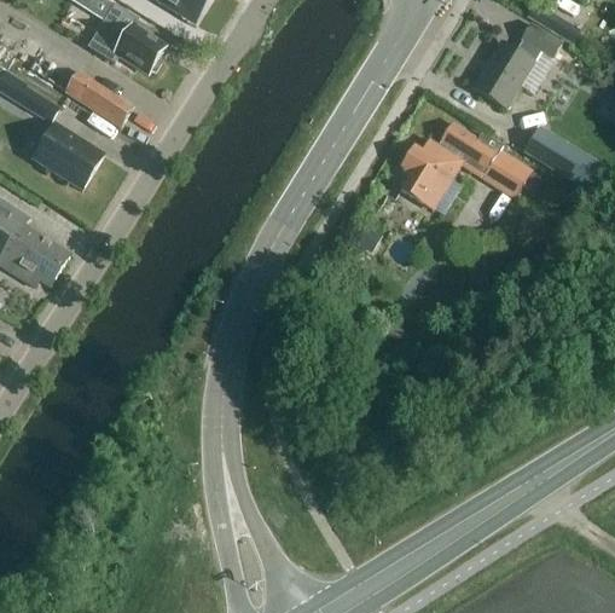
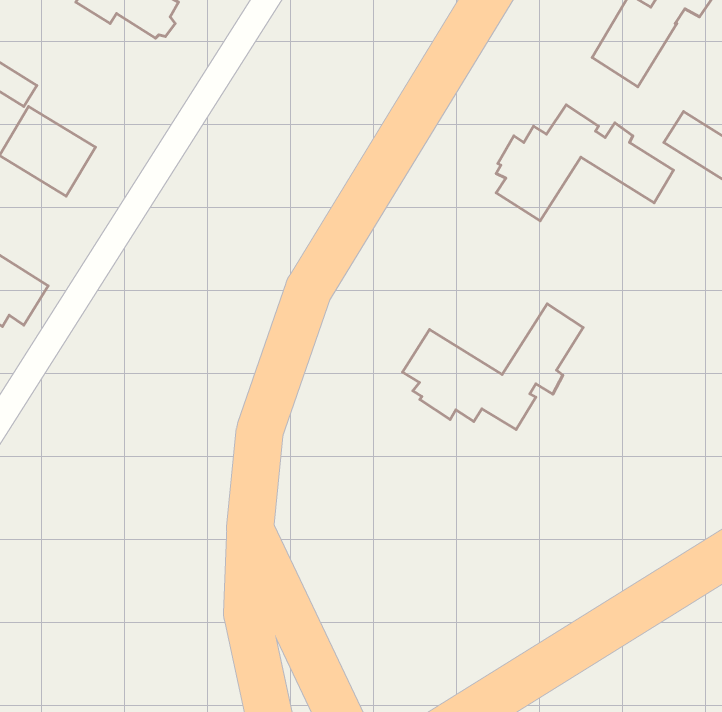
building: [65,70,133,126] -> none
building: none -> [402,304,583,430]

